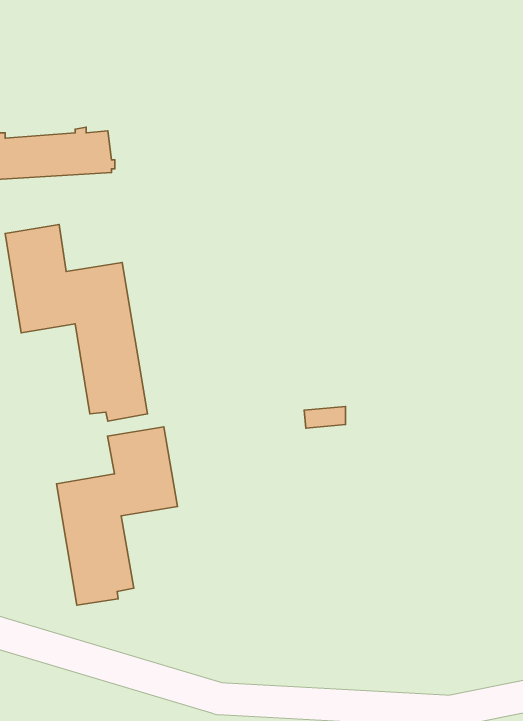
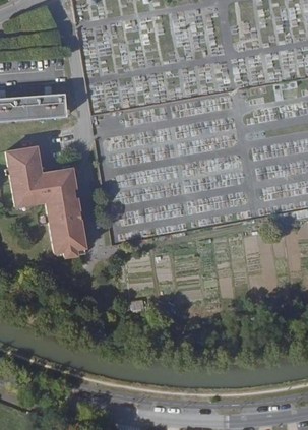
building: [56,427,177,605] -> none

